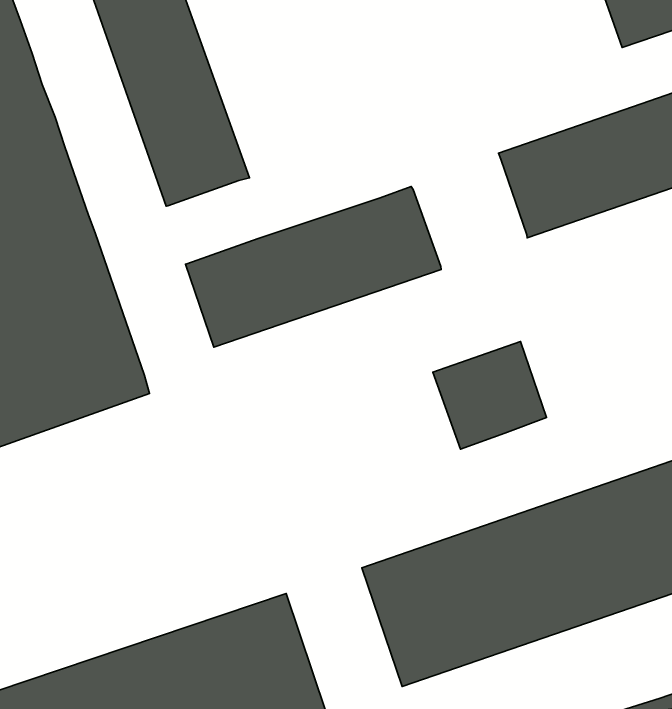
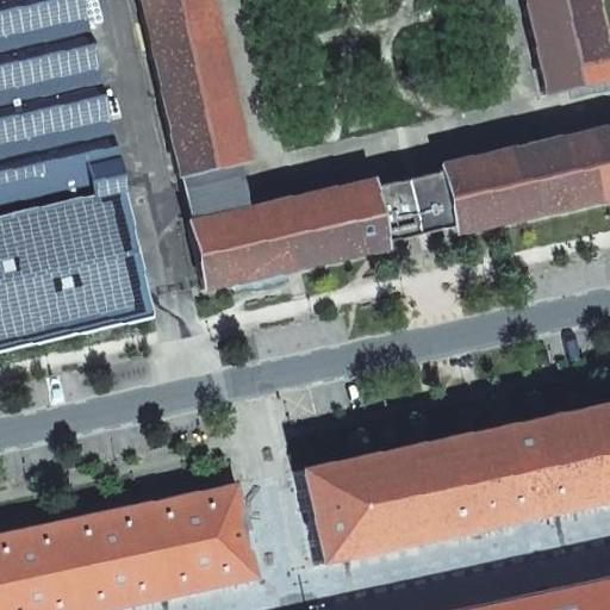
building: none -> [182,161,249,220]
building: [433,342,546,449] -> [373,168,456,245]

